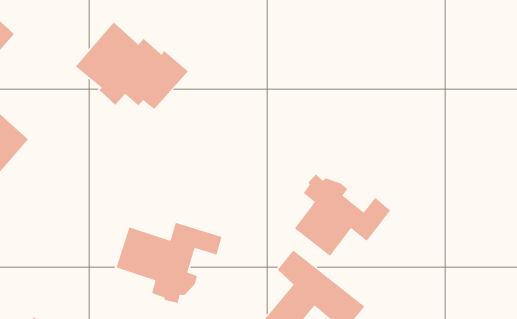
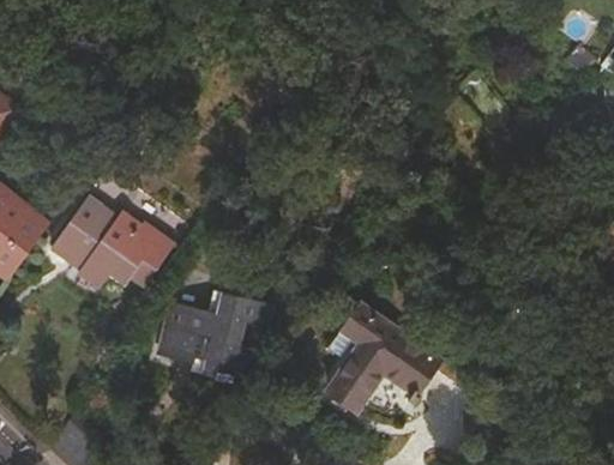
building: [75,22,189,110] -> [52,193,177,285]
building: [294,174,391,257] -> none

